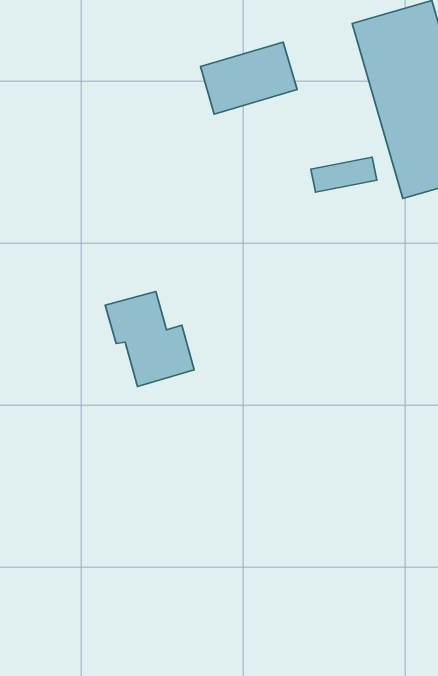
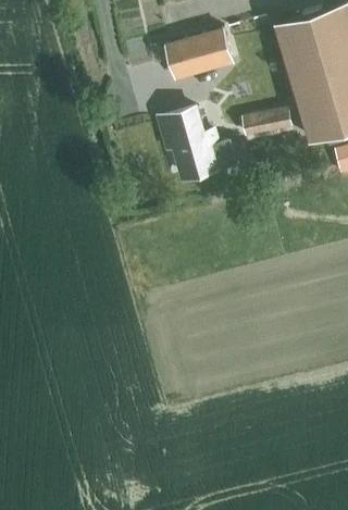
building: [105,291,194,387] -> [158,111,221,178]

